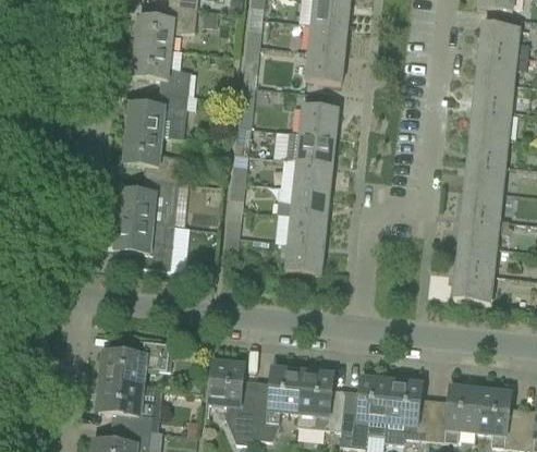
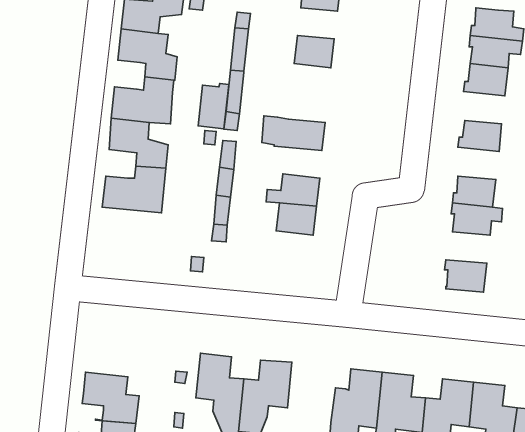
building: [307,23,346,53] -> none
building: none -> [198,83,229,129]
building: [298,103,338,135] -> none
building: [468,105,510,136] -> none
building: [293,159,331,190] -> none
building: [463,159,504,191] -> none
building: [113,218,174,268] -> none
building: [284,241,322,272] -> none
building: [452,242,496,272] -> none
building: [100,337,172,383] -> none
building: [296,369,344,428] -> none

